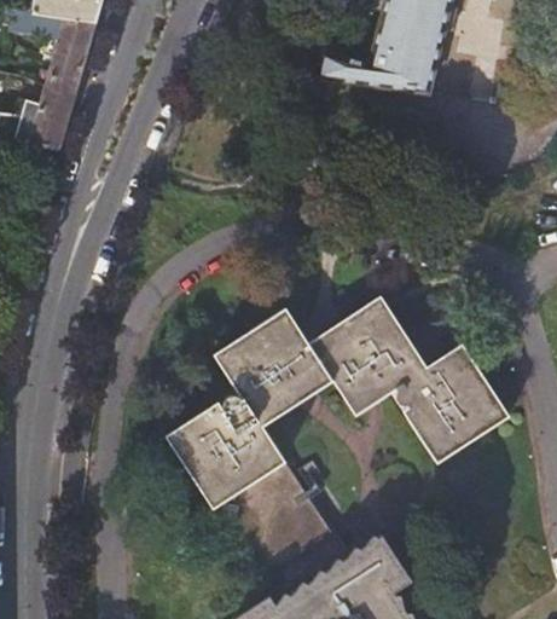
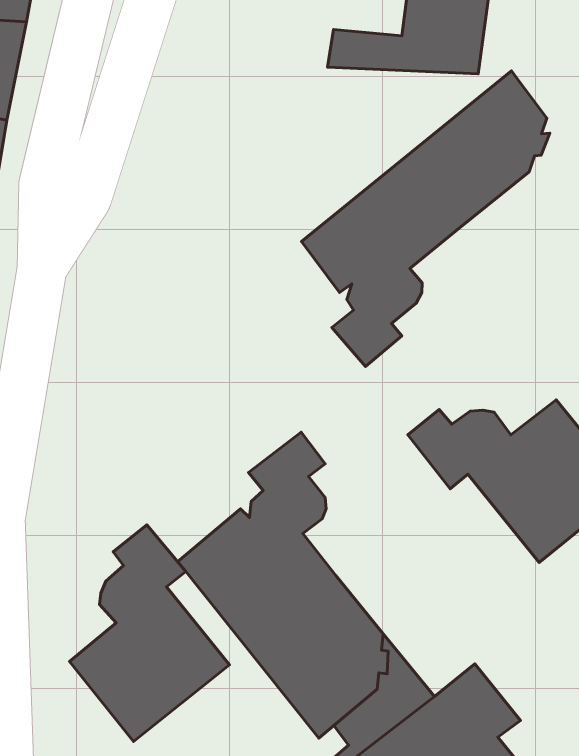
building: none -> [301,71,550,366]
building: [214,295,416,416] -> none
building: none -> [69,525,230,742]

